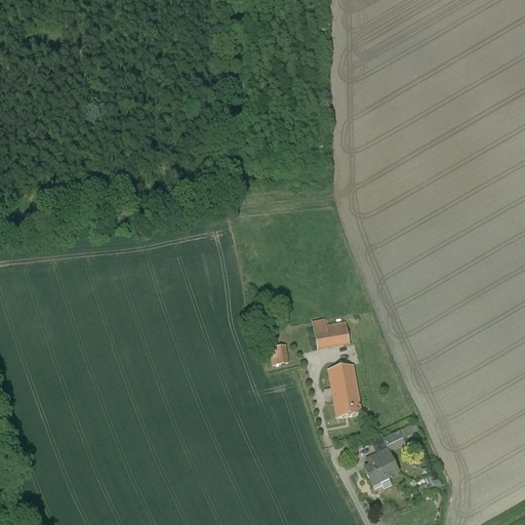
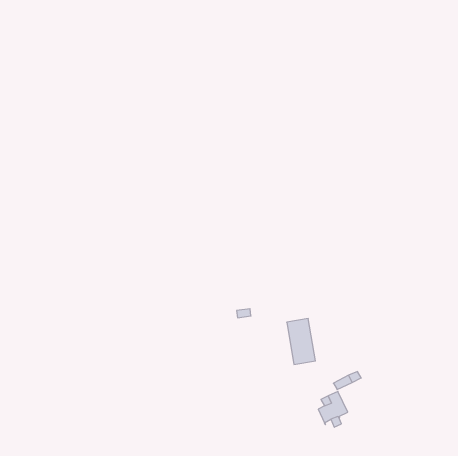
building: [314,321,349,348] -> none

